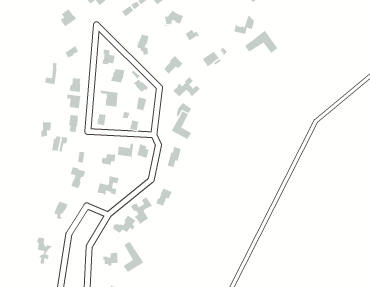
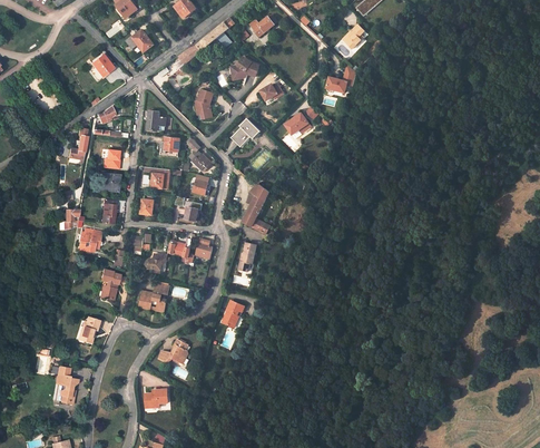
building: [244,30,278,54] -> none
building: [172,76,201,97] -> none
building: [130,196,153,225] -> none
building: [123,241,144,273] -> none

